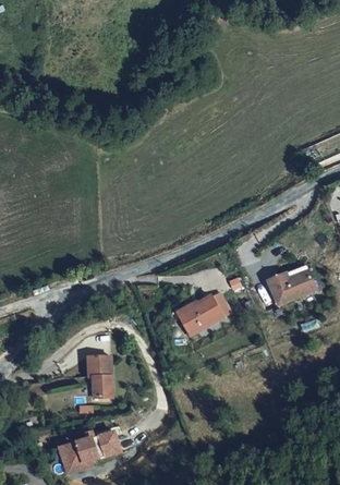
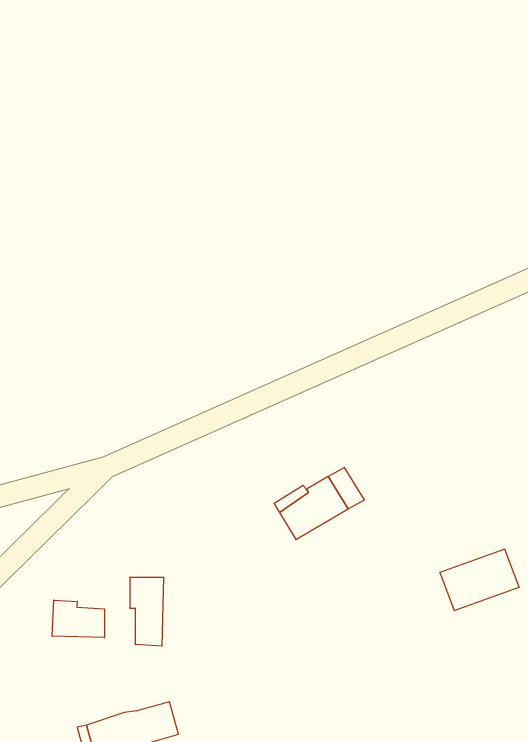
building: [265,266,313,303] -> [440,549,519,611]
building: none -> [52,600,104,638]

